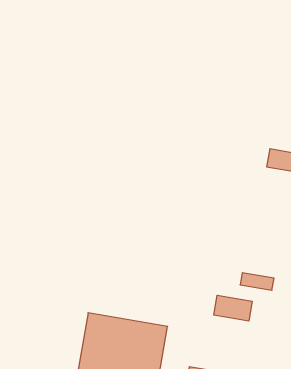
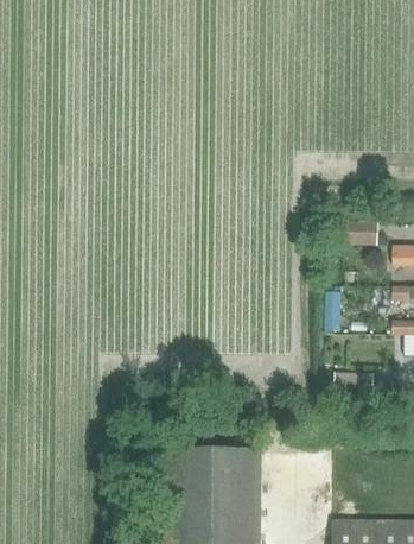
building: [214,295,252,321] -> none

